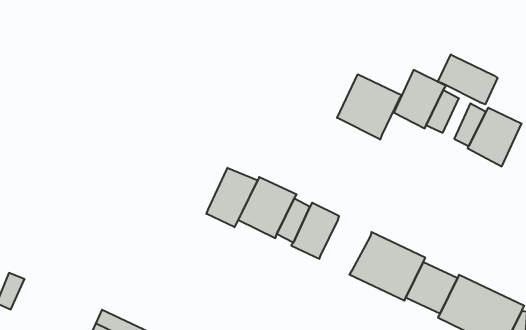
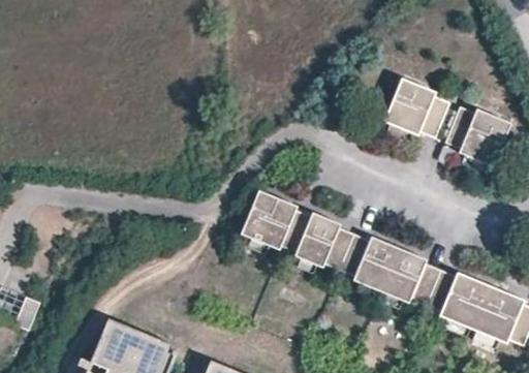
building: [438,54,497,104] -> none
building: [337,74,402,140] -> none
building: [206,168,258,227] -> none
building: none -> [324,227,371,275]

